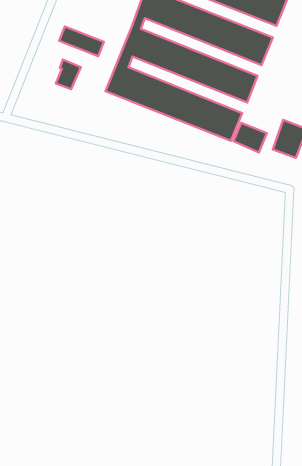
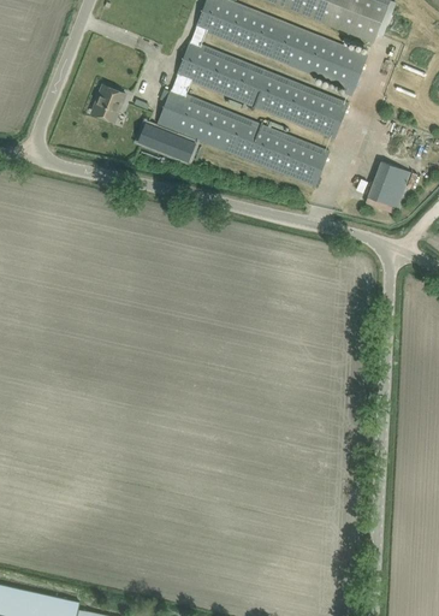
building: [59,26,104,56] -> [141,123,197,160]
building: [233,123,267,152] -> none

